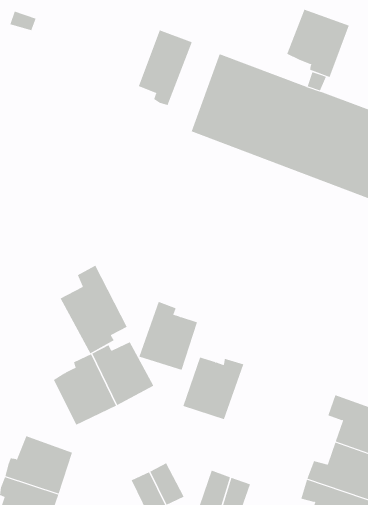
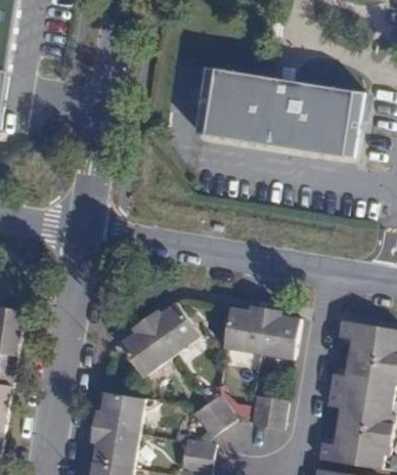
building: [287,9,349,78] -> none
building: [138,29,192,106] -> none
building: [60,265,128,354] -> none
building: [139,301,198,371] -> [259,307,301,358]

